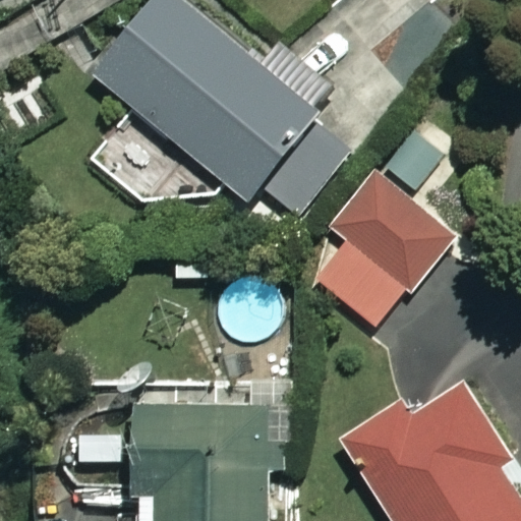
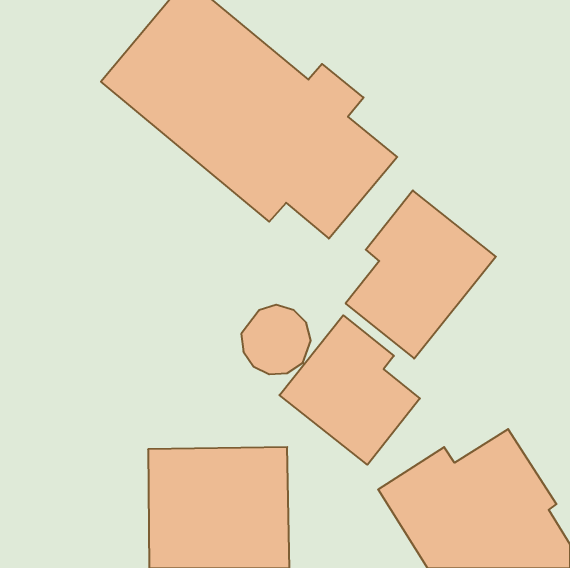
building: none -> [279,315,420,465]

